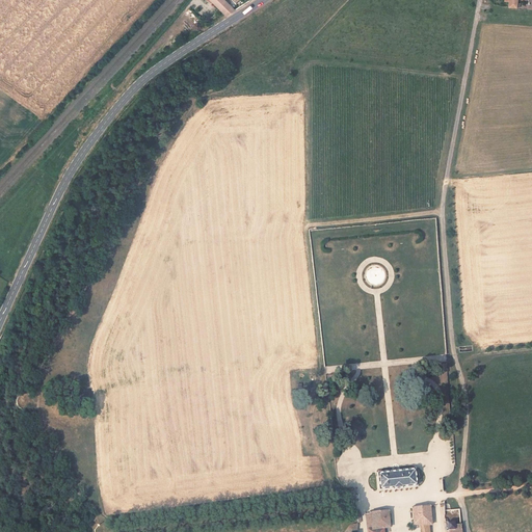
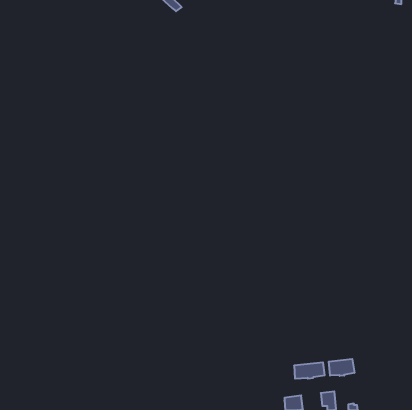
building: none -> [329,359,354,376]

